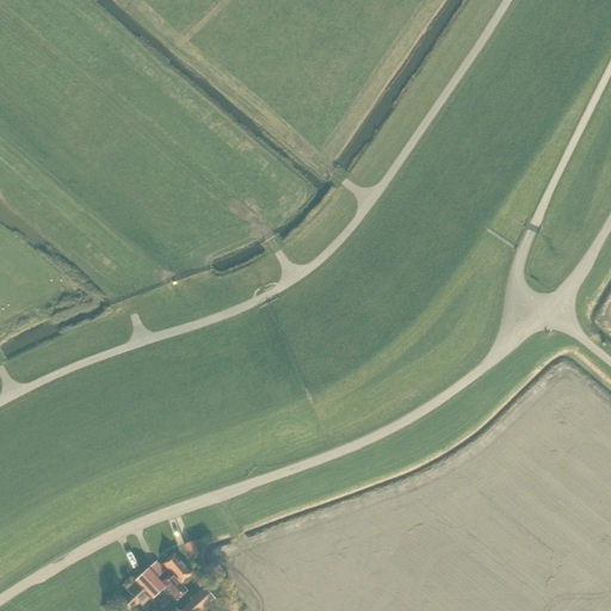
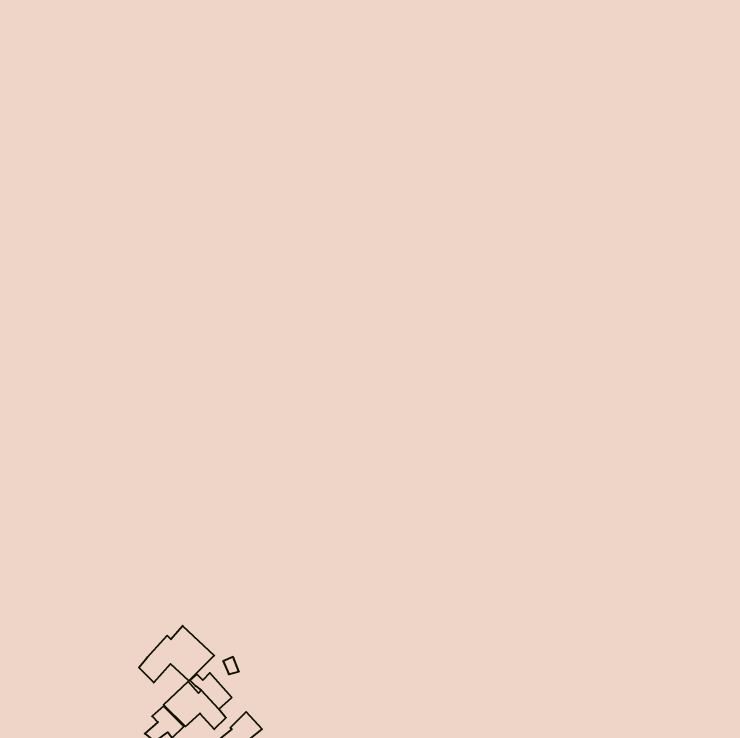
building: none -> [139,626,214,683]

